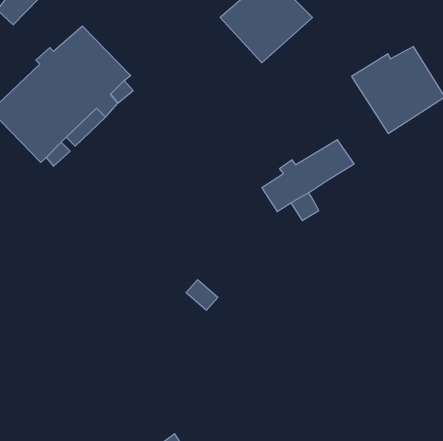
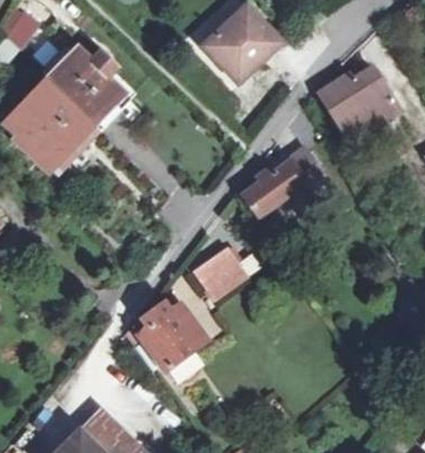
building: none -> [192,246,244,298]
building: none -> [131,300,205,368]

